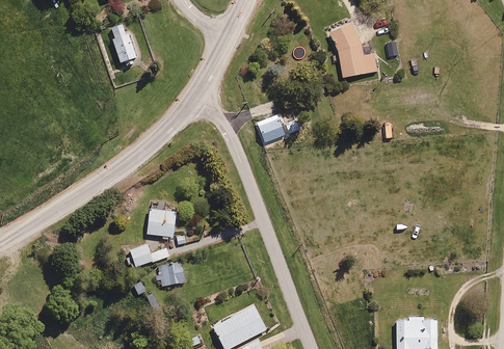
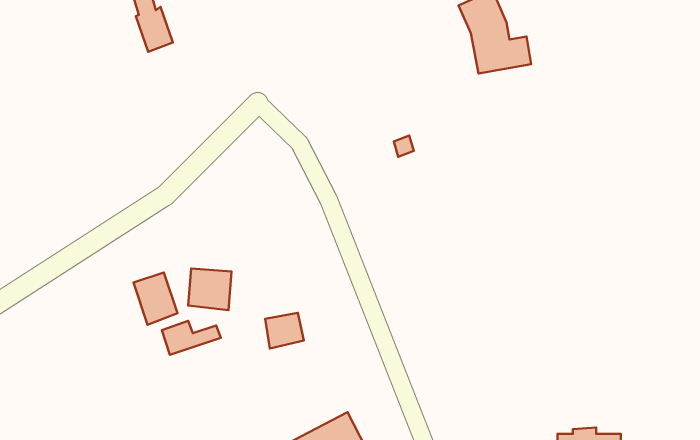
building: [259,117,286,141] -> none
building: none -> [133,272,178,325]
building: [159,262,185,286] -> [265,313,304,348]

